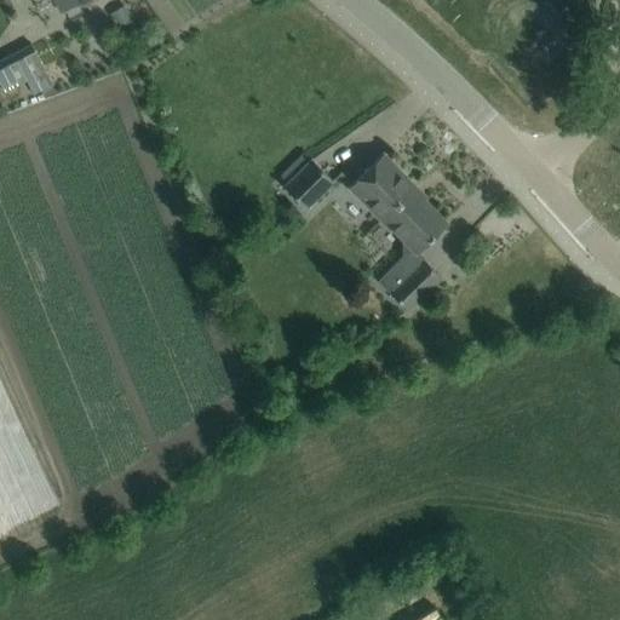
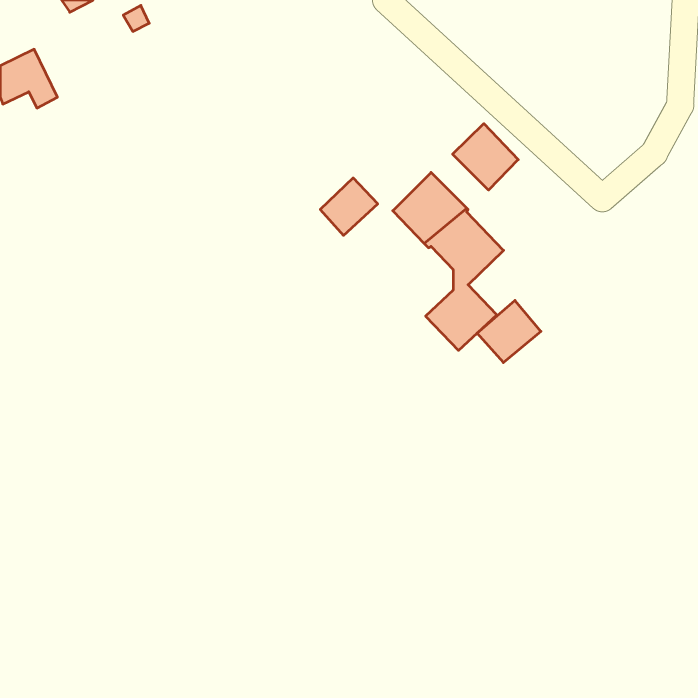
building: none -> [453,124,518,190]
building: none -> [477,300,541,363]

